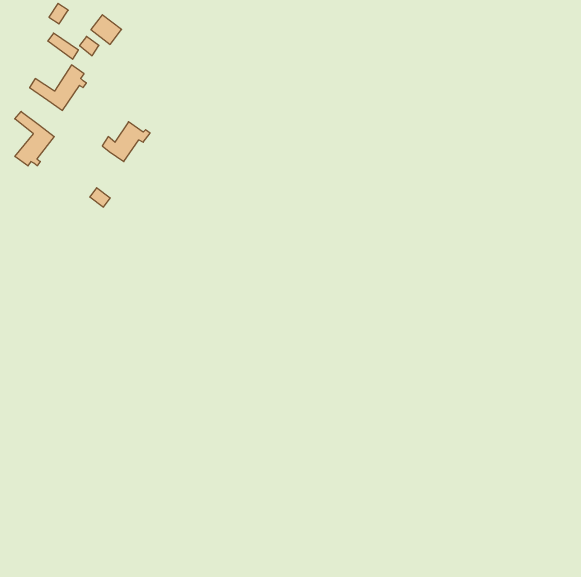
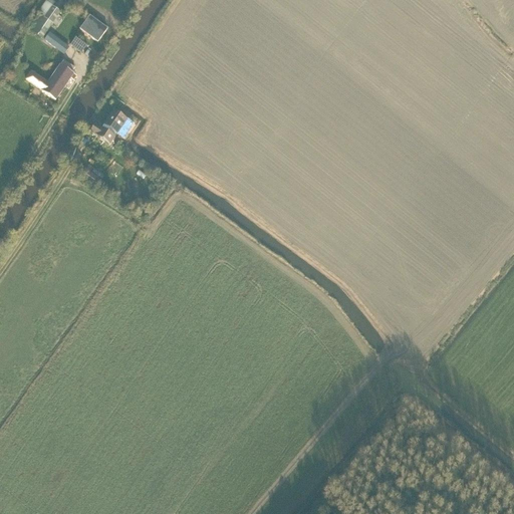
building: [15,111,54,166] -> none

